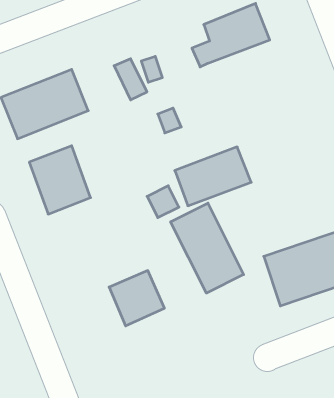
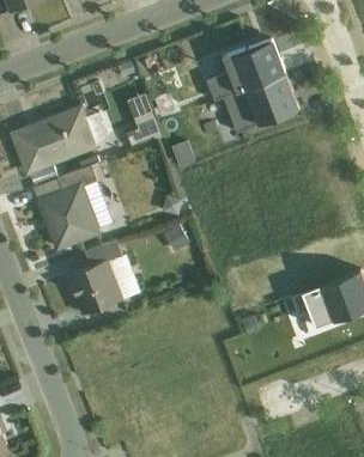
building: [175,147,251,206] -> [219,72,297,132]
building: [171,203,244,293] -> none
building: [109,271,164,326] -> [67,257,123,313]

